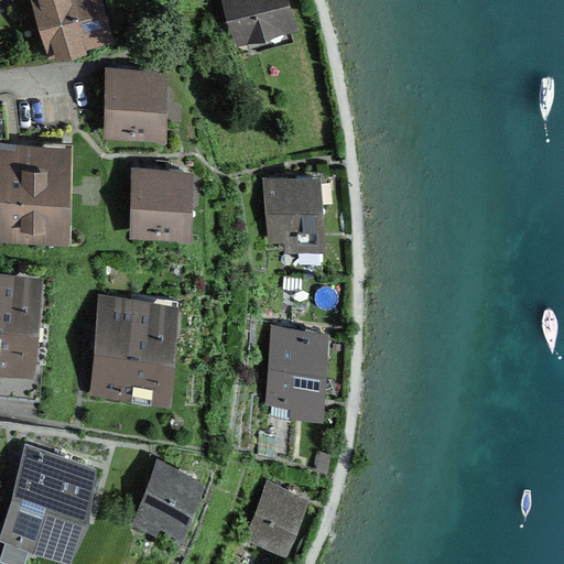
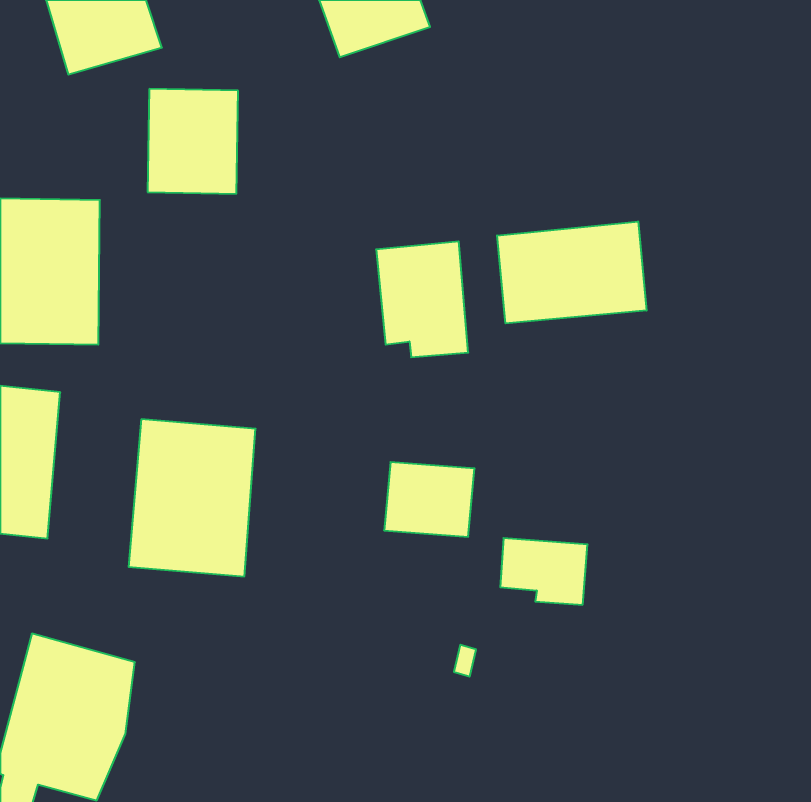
building: none -> [497,221,647,323]
building: [129,167,192,240] -> none
building: [264,375,325,421] -> [500,538,588,605]
building: [131,460,204,536] -> none
building: [252,489,297,546] -> none

